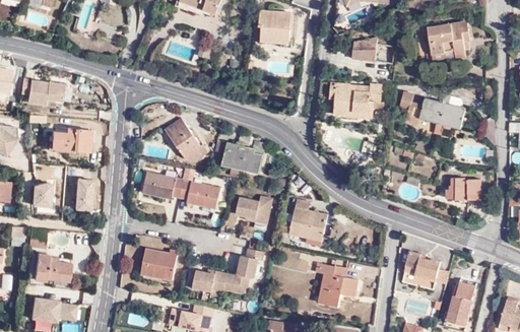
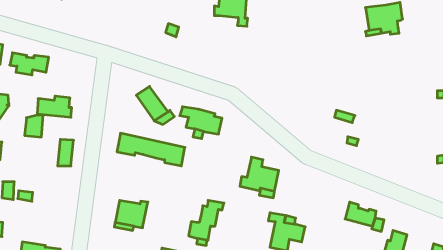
building: [351,38,395,62] -> none
building: [329,82,384,116] -> none
building: [400,91,466,133] -> none
building: [446,178,482,200] -> none
building: [30,183,52,208] -> [25,115,43,137]
building: [236,195,273,225] -> none
building: [34,254,71,281] -> none
building: [193,270,228,293] -> none

